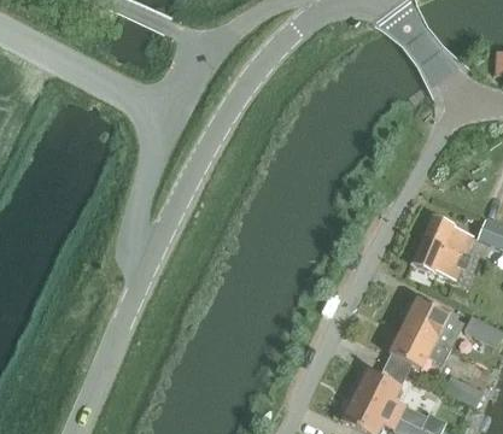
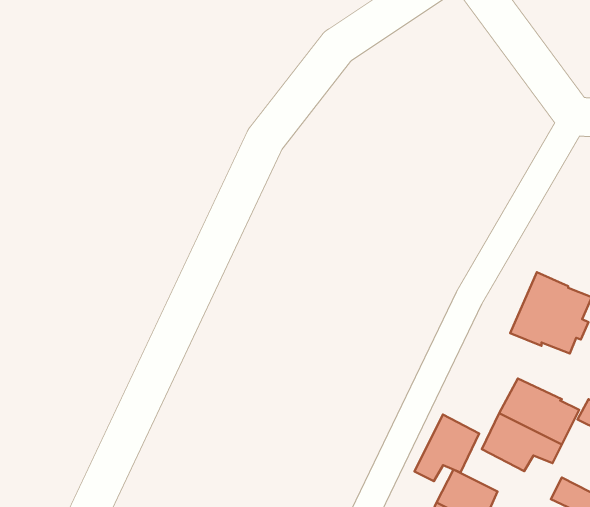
building: none -> [415,415,479,481]

